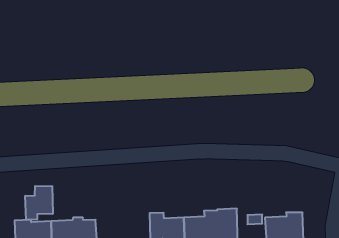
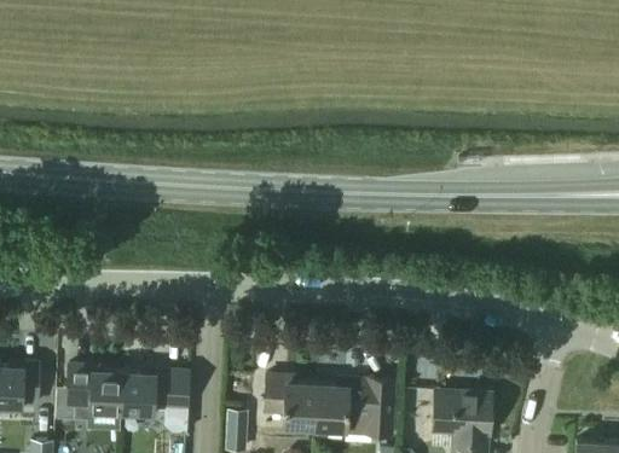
building: [25,186,53,220] -> none

